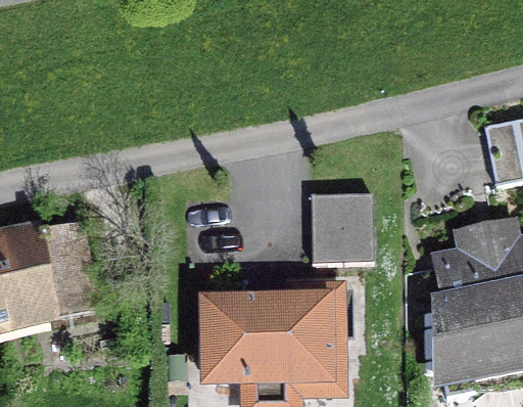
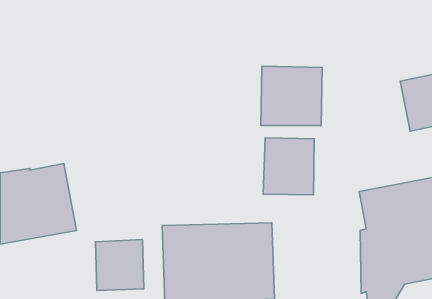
building: none -> [261,66,322,126]
building: none -> [95,240,144,290]

